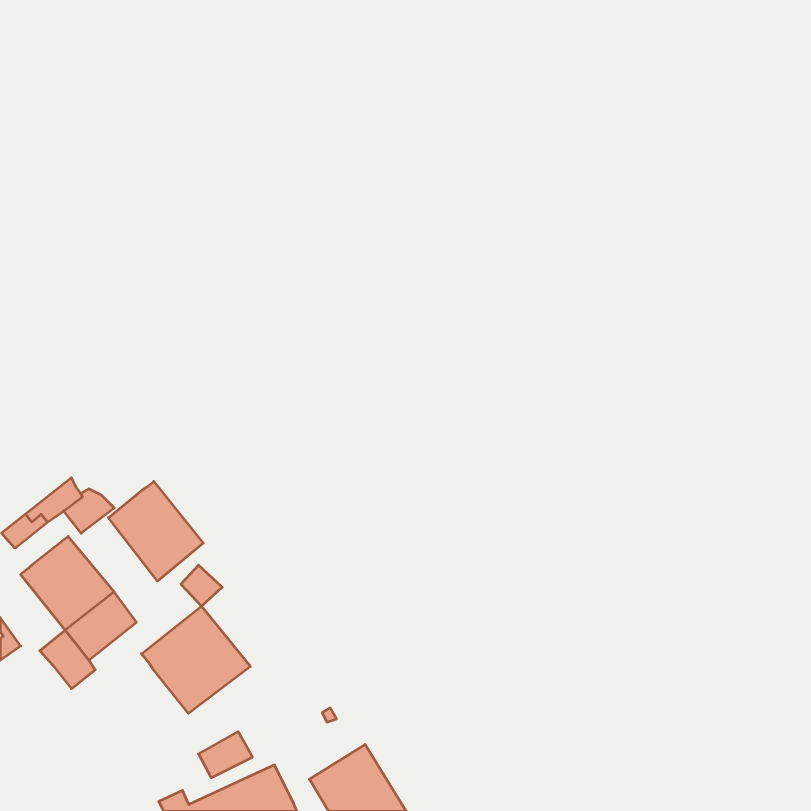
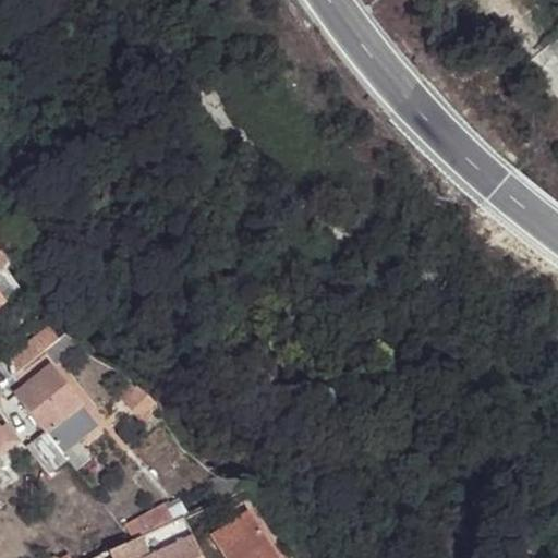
building: [108,481,203,581] -> none
building: [141,606,250,713] -> none

